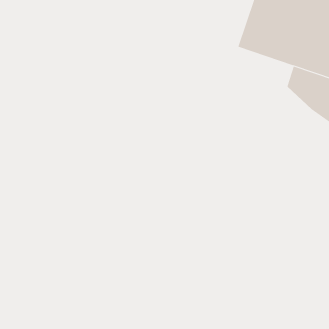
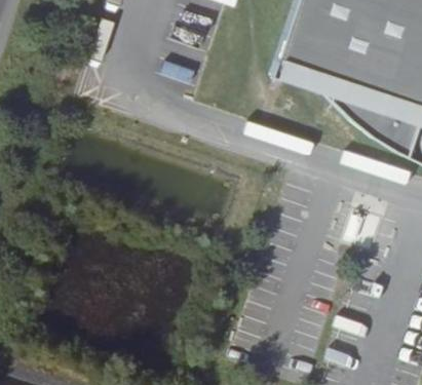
building: none -> [278,55,344,98]

